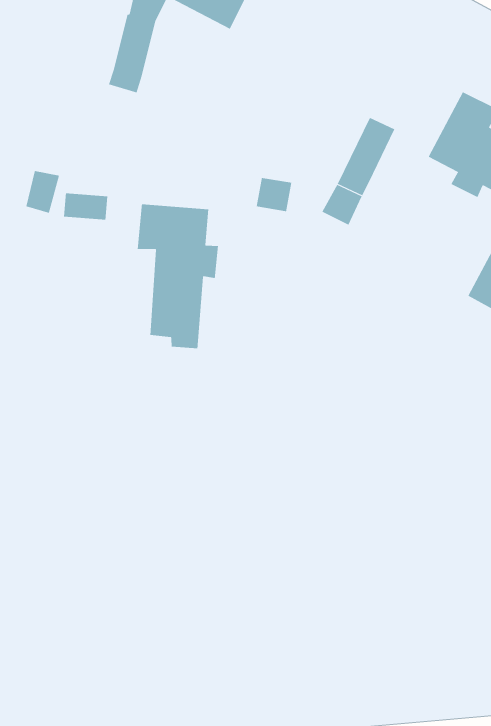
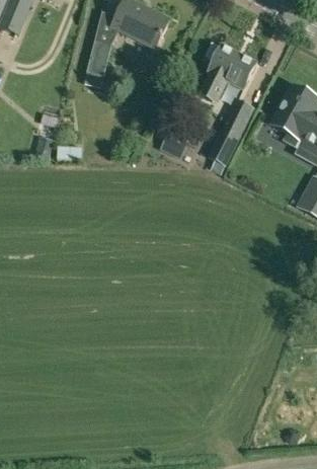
building: none -> [200,43,256,97]
building: [137,203,219,349] -> none

